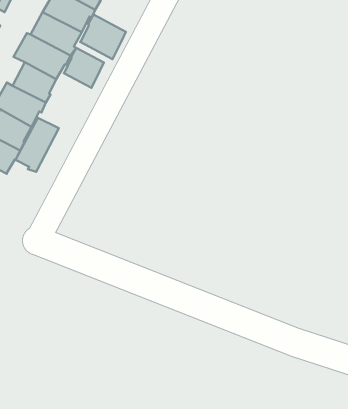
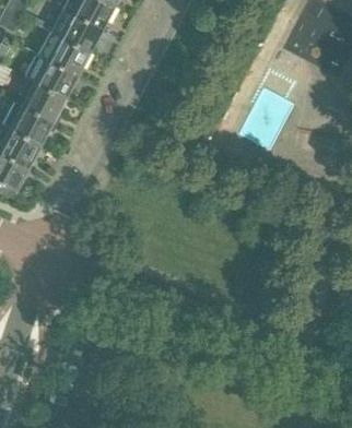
building: [80,14,126,59] -> none
building: [64,48,104,88] -> none
building: [15,118,59,172] -> none

